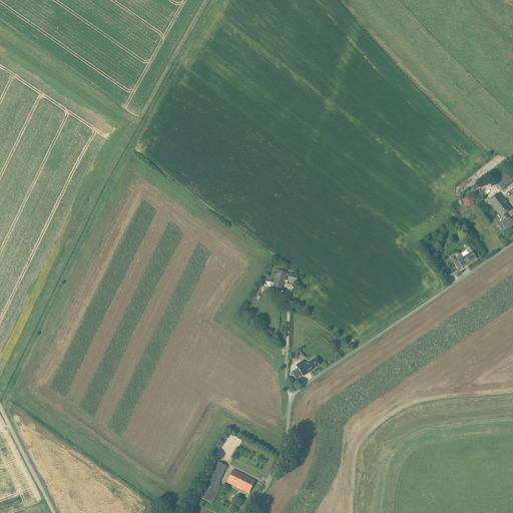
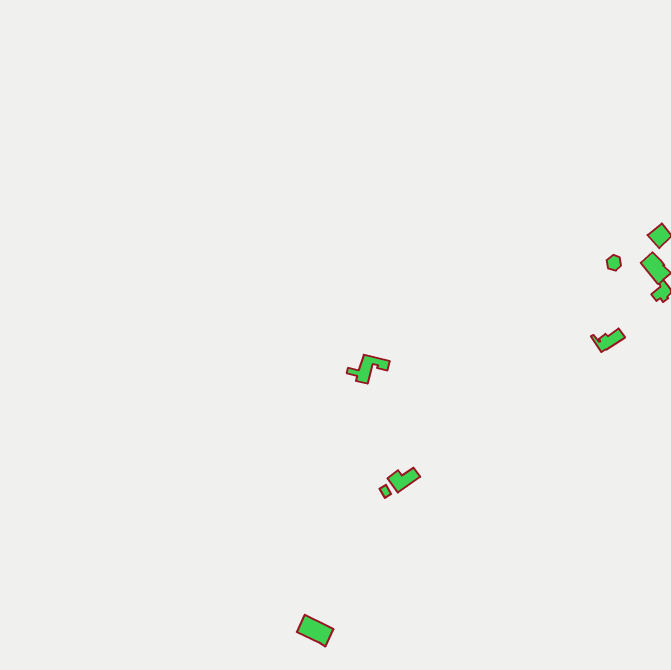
building: [199,461,227,503] -> none

